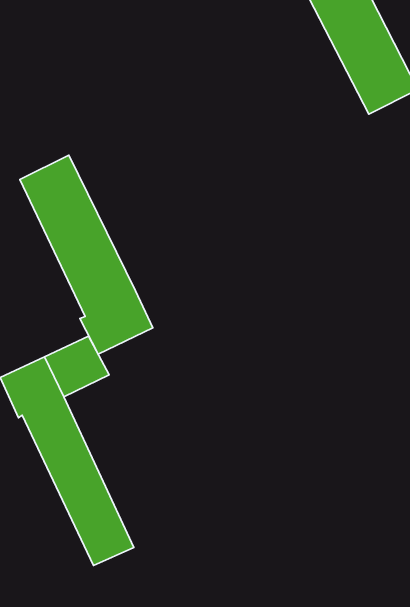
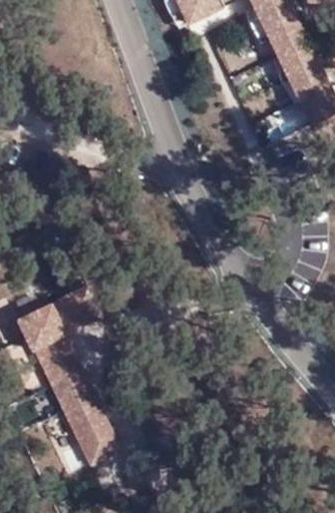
building: [20,155,153,354] -> none

